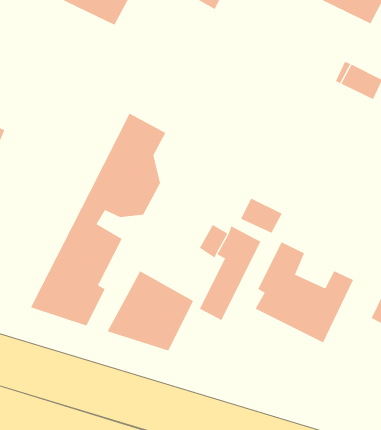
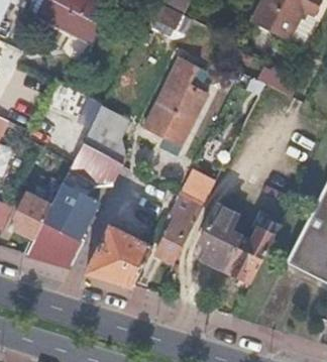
building: none -> [144,58,204,144]
building: none -> [15,193,51,238]

